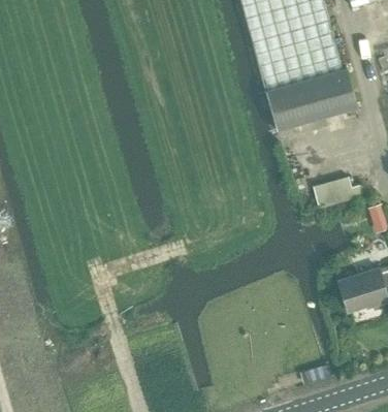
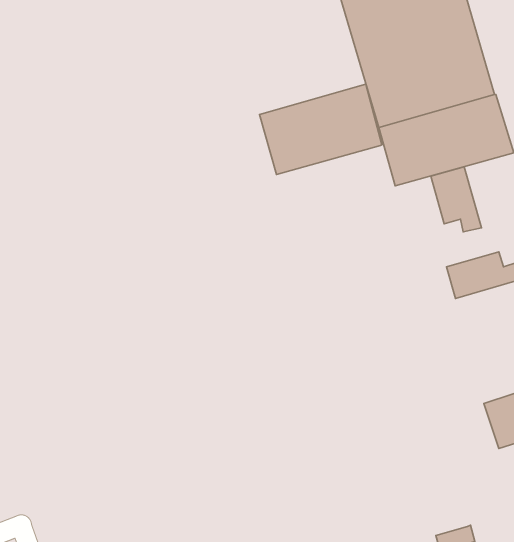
building: none -> [260,84,382,174]
building: none -> [431,167,481,232]

